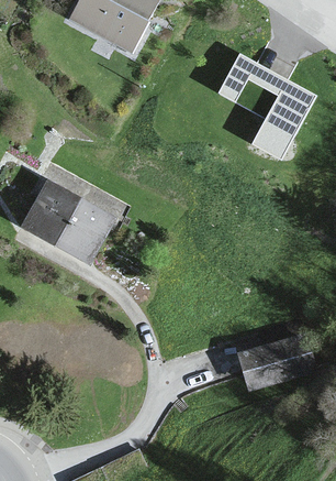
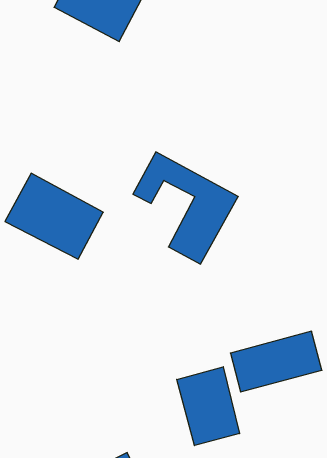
building: [216,53,317,161] -> [133,152,238,264]
building: none -> [177,367,240,446]

